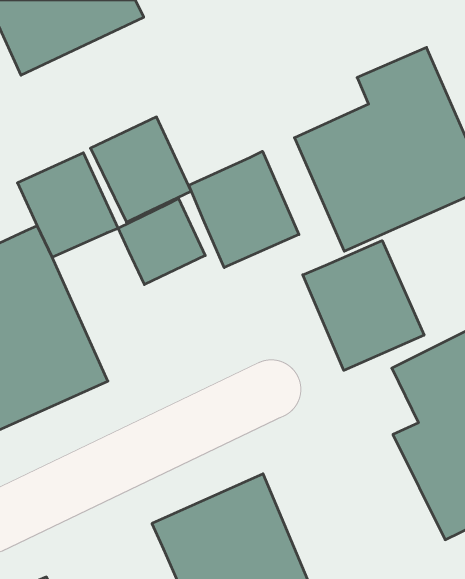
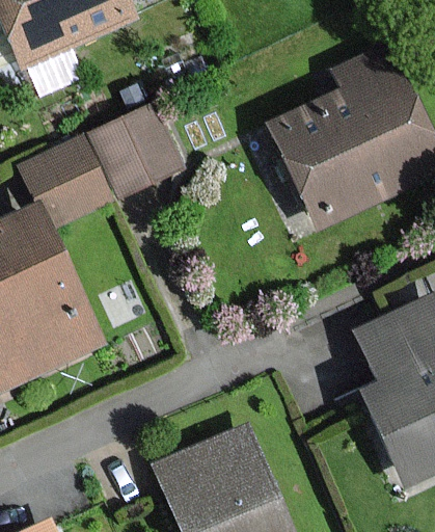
building: [189,151,299,268] -> none
building: [118,199,205,285] -> none
building: [303,241,424,370] -> none

